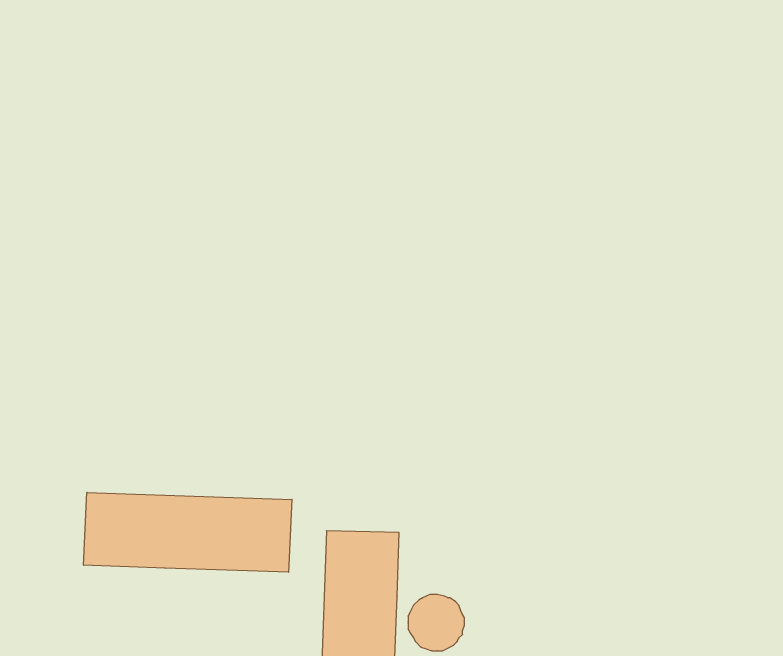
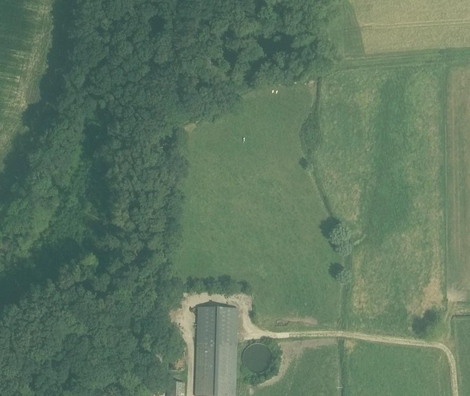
building: [84,492,292,572] -> none

